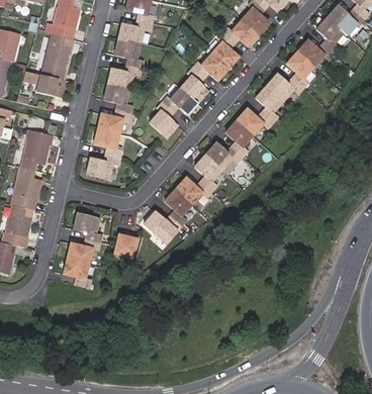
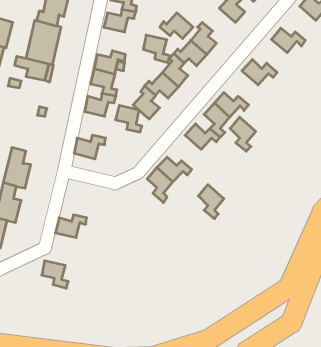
building: [315,17,344,54] -> none
building: [222,19,258,46] -> [160,13,193,39]
building: [114,39,143,69] -> [143,35,170,63]
building: [285,53,313,88] -> none
building: [255,86,282,122] -> [230,117,256,151]
building: [93,129,121,158] -> [115,105,142,132]
building: [19,130,52,172] -> none
building: [194,155,221,191] -> [198,185,224,219]
building: [144,211,181,239] -> none
building: [73,213,101,242] -> none
building: [113,234,136,258] -> none
building: [63,259,91,288] -> [42,261,68,288]

